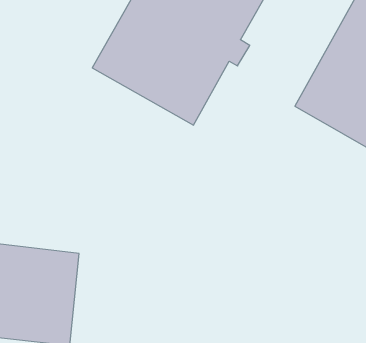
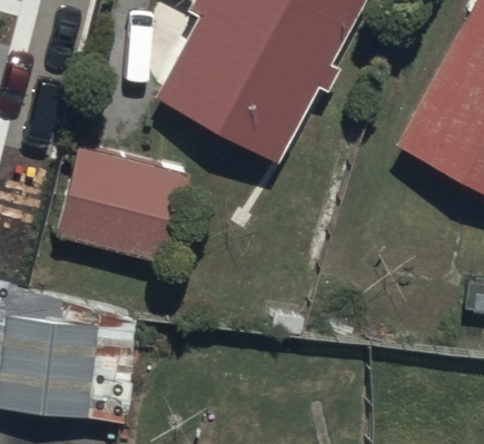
building: none -> [53,149,188,268]

